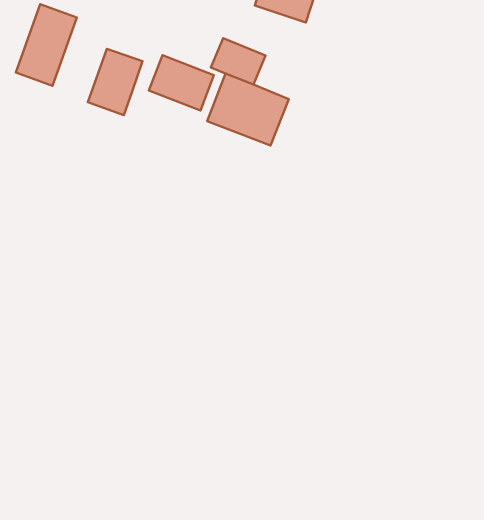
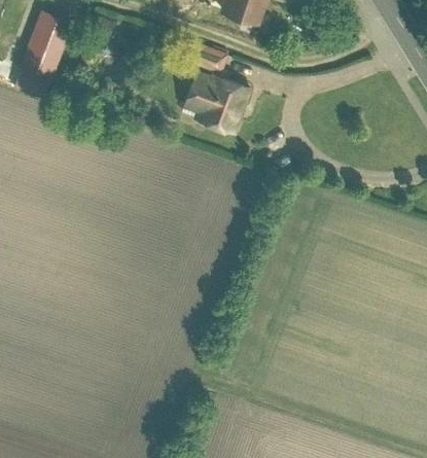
building: [88,49,142,115] -> none
building: [149,55,214,110] -> none

